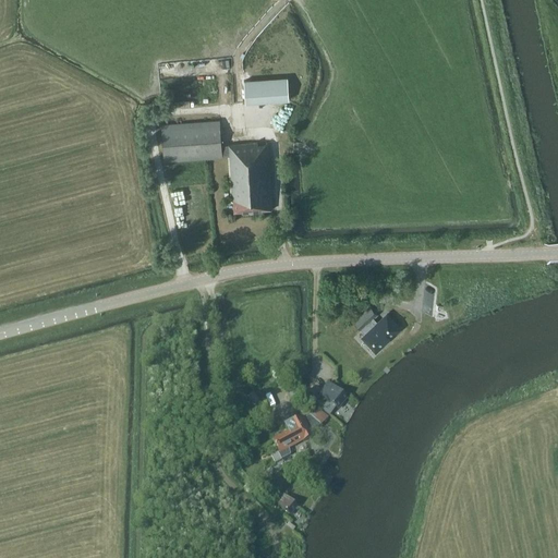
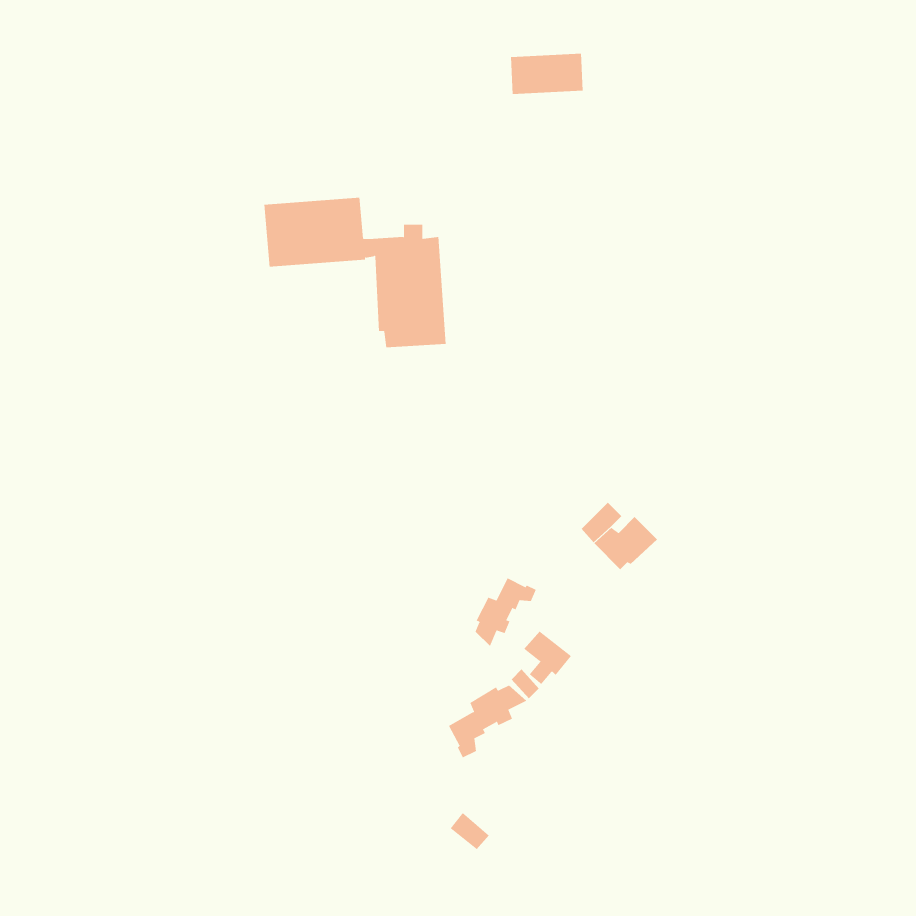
building: [244,77,289,102] -> [510,53,584,95]
building: none -> [475,578,536,647]

